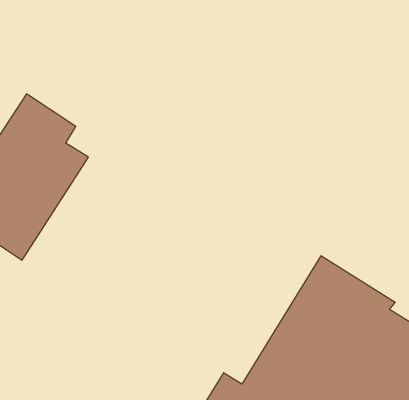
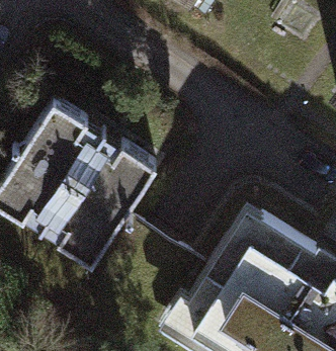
building: none -> [49,145,156,235]

